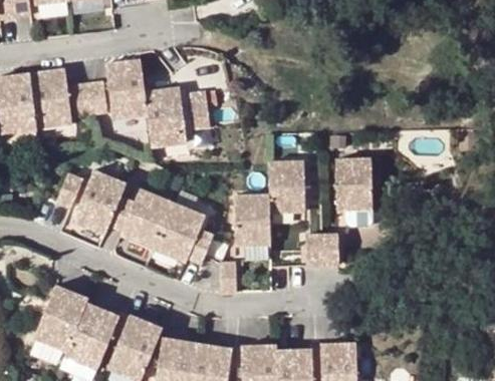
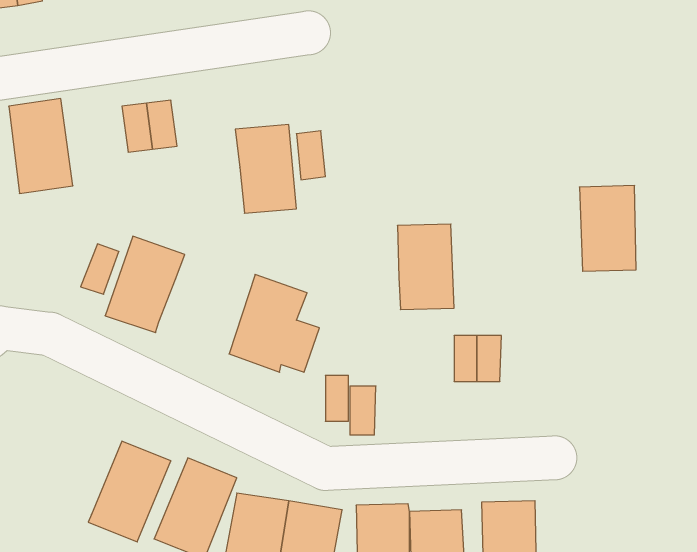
building: [120,67,162,128] -> none
building: [44,75,86,136] -> none
building: [333,159,370,216] -> [579,186,636,271]
building: [108,183,172,247] -> none
building: [231,197,267,253] -> none
building: [32,286,86,352] -> none

